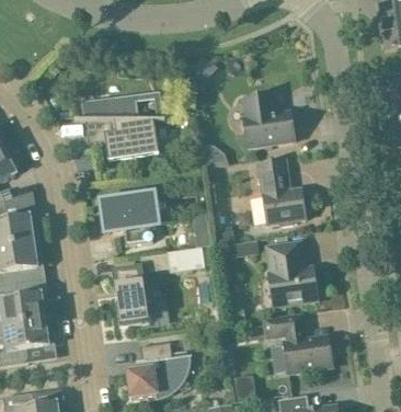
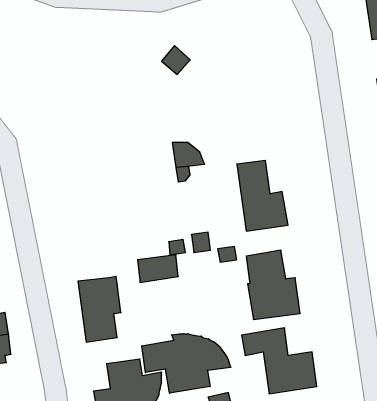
building: [242,91,294,147] -> none
building: [75,94,159,161] -> none
building: [103,195,156,244] -> none
building: none -> [142,334,231,393]

